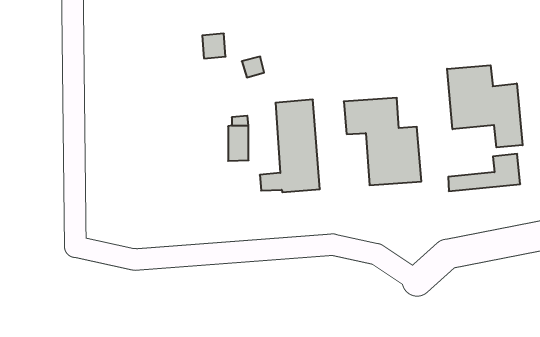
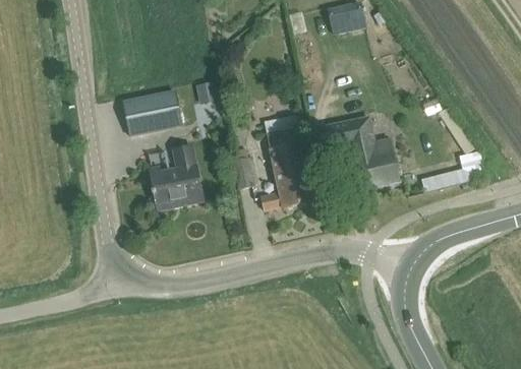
building: none -> [123,90,181,135]
building: [447,65,523,147] -> none
building: none -> [150,145,202,206]

